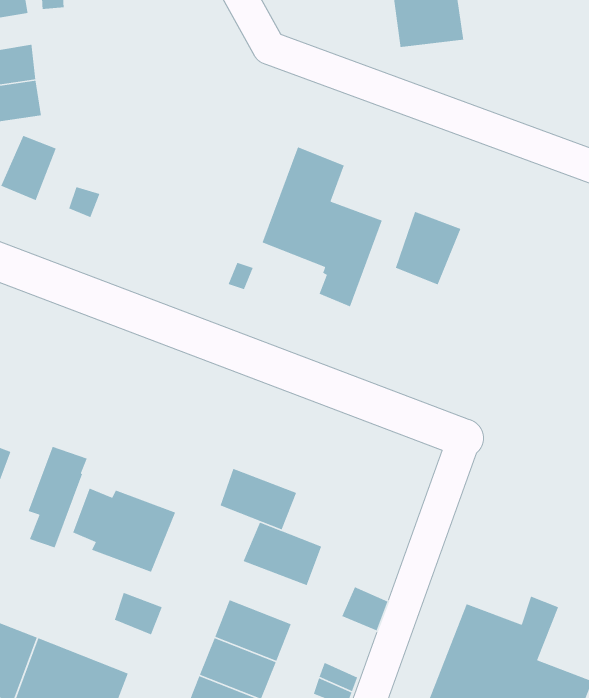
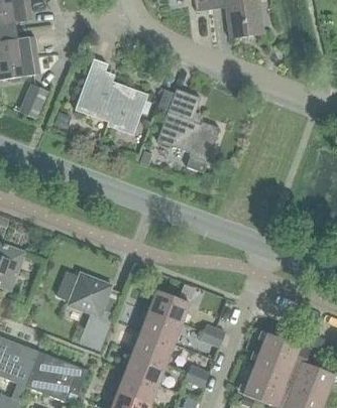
building: none -> [77,60,150,137]
building: [395,211,461,285] -> none
building: [28,446,88,548] -> none
building: [219,468,297,530] -> [140,310,182,344]

